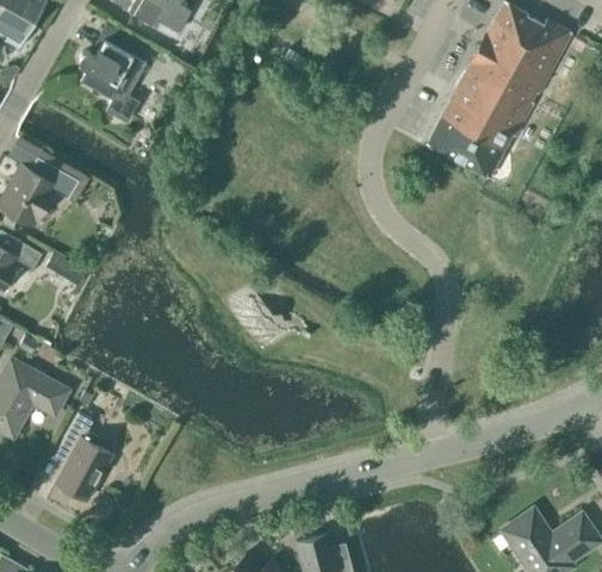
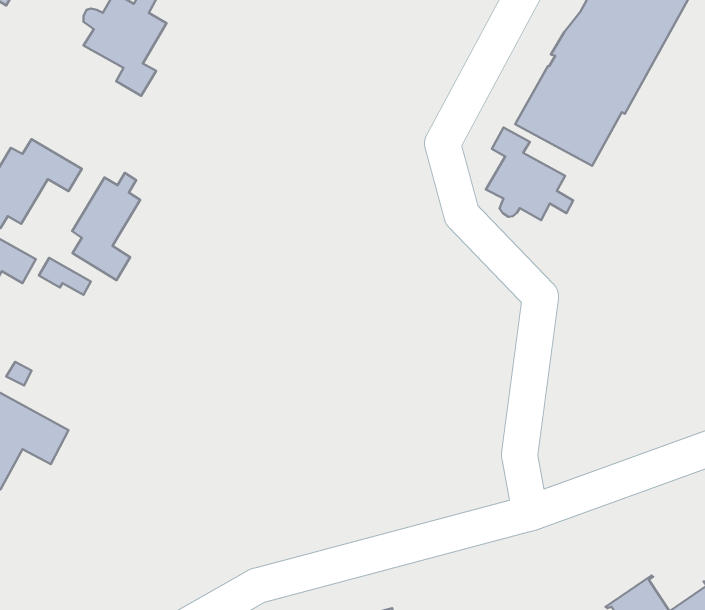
building: none -> [486,127,573,220]
building: none -> [72,173,140,280]
building: [56,412,111,498] -> none

